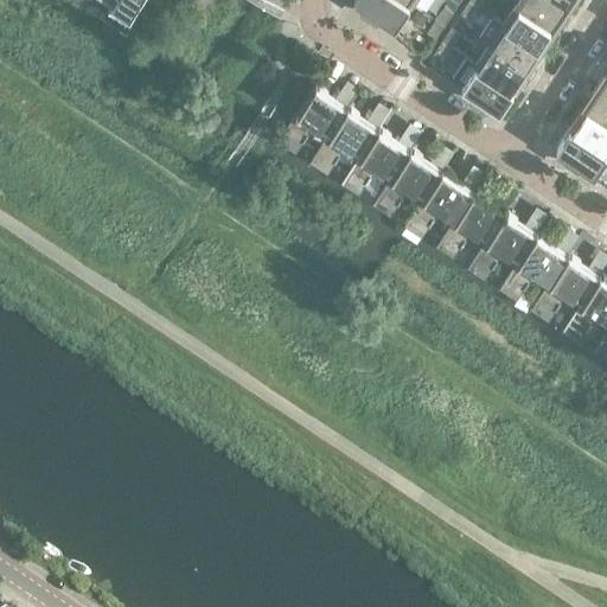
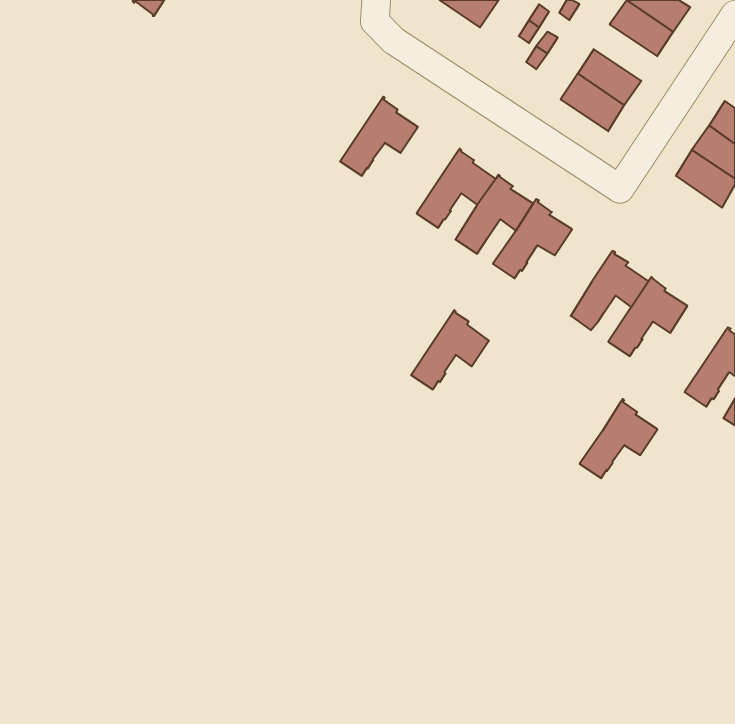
building: [488,31,541,77] -> none
building: [311,111,376,177] -> none
building: [437,196,501,261] -> [411,310,489,389]
building: [532,258,596,324] -> [580,399,657,478]

